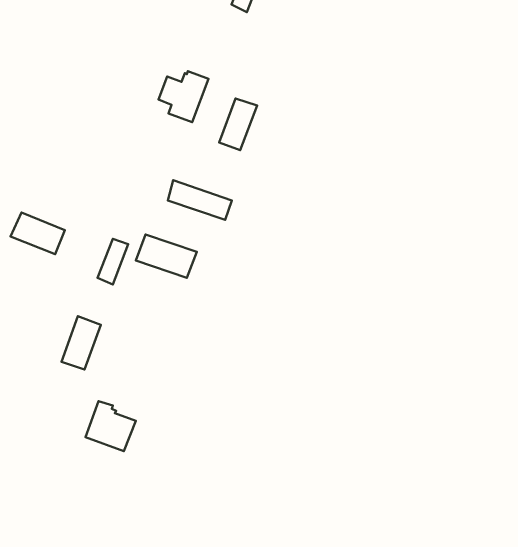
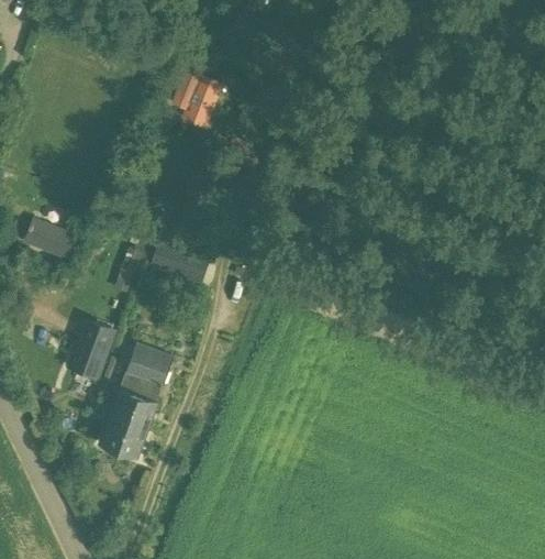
building: [219,99,257,150] -> none
building: [168,180,232,220] -> none
building: none -> [111,343,173,428]

